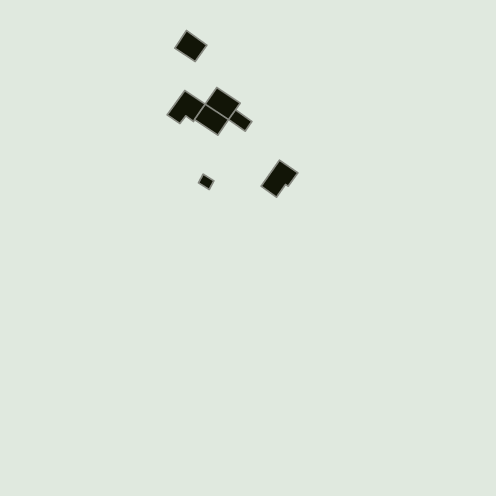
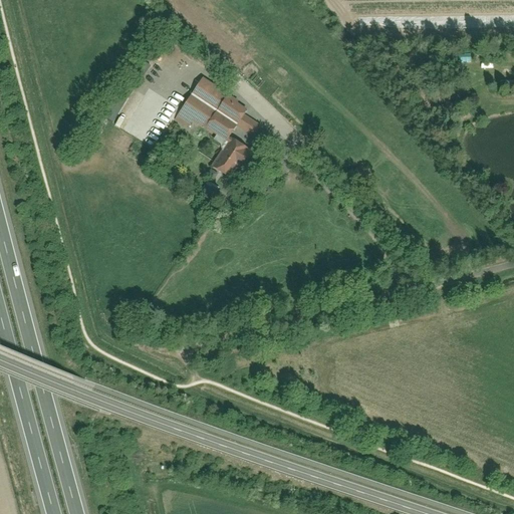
building: [175,31,207,62] -> [191,75,224,107]
building: [261,160,298,197] -> [211,139,249,177]

